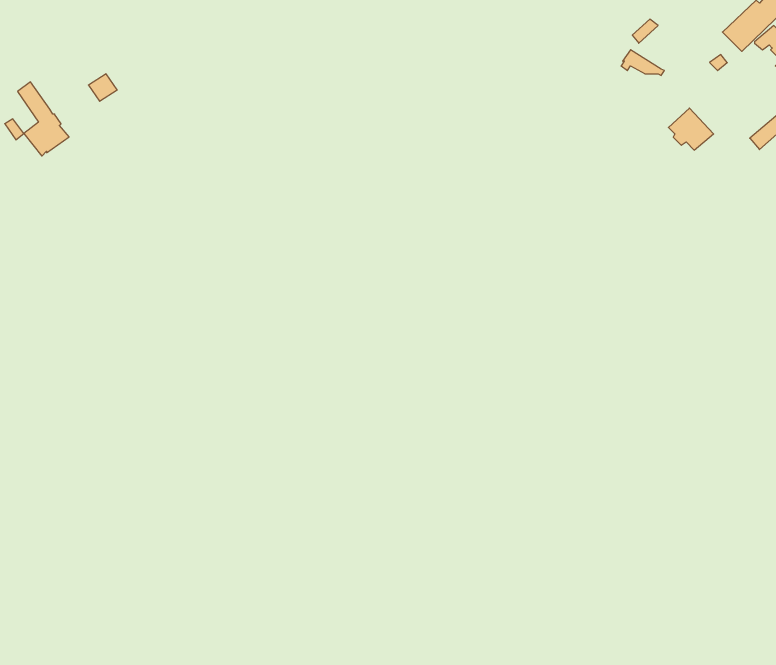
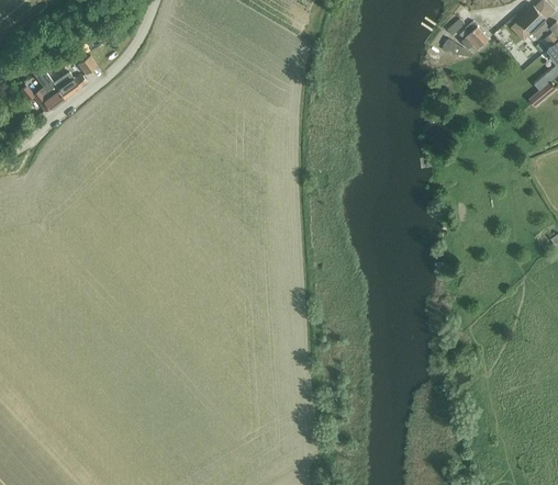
building: none -> [55,70,87,98]
building: [668,108,714,150] -> [459,20,490,48]

